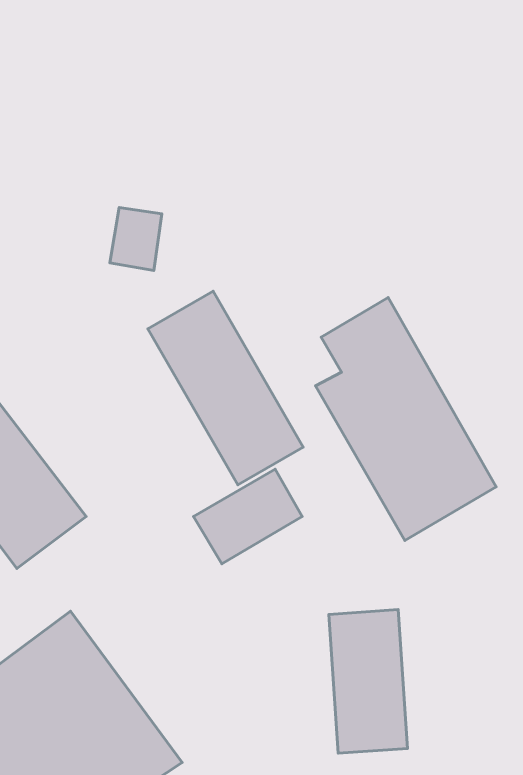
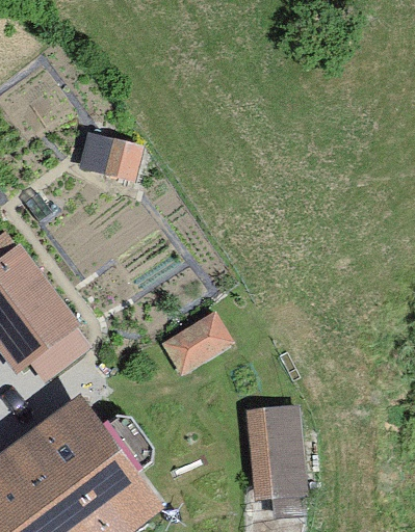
building: [148,291,303,485] -> none
building: [316,298,496,541] -> none

